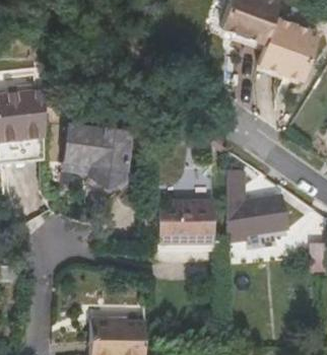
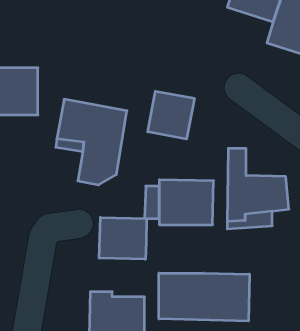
building: none -> [148,91,194,139]
building: none -> [99,217,147,259]
building: none -> [159,273,249,321]

